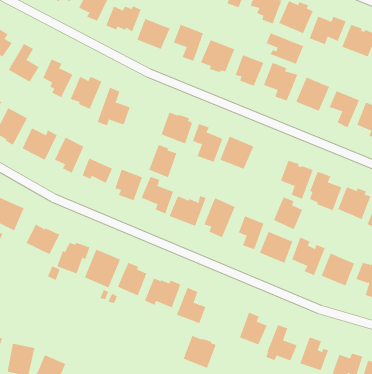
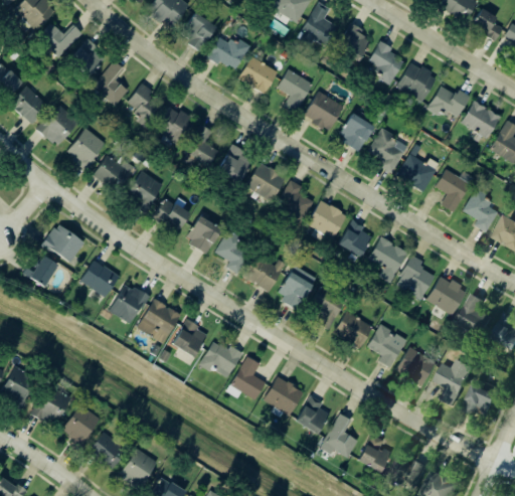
building: [266,33,304,65] -> none
building: [149,144,177,178] -> [217,145,251,183]
building: [273,197,303,230] -> [338,219,372,258]
building: [183,335,217,369] -> [264,376,303,416]

